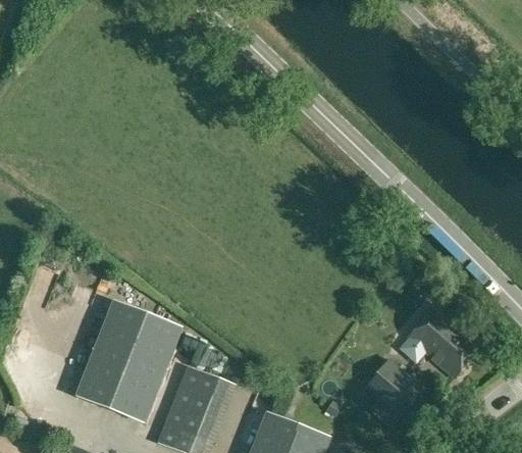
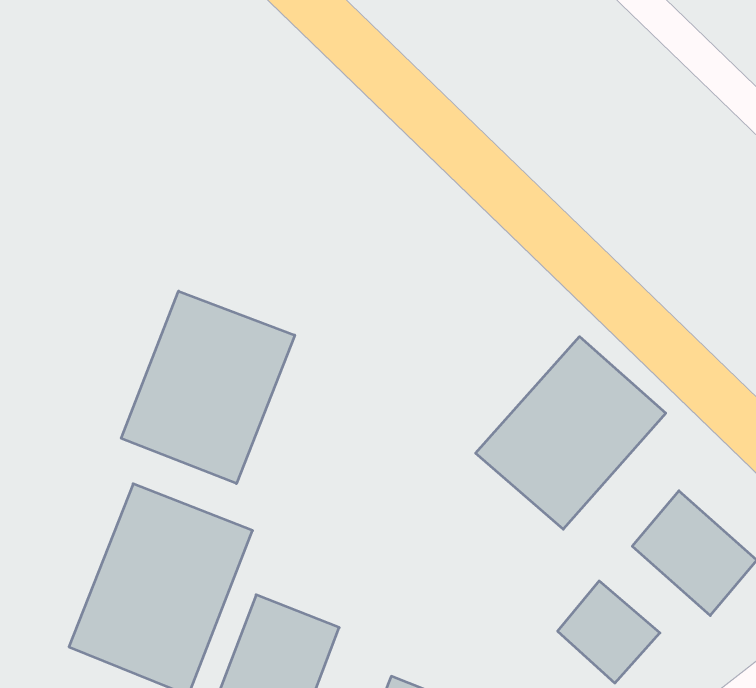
building: none -> [121,291,295,484]
building: none -> [476,337,666,529]

